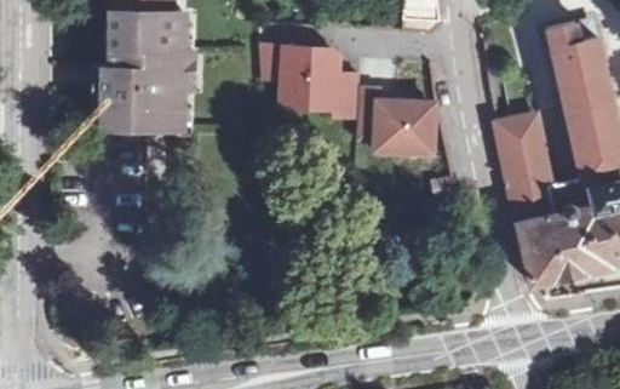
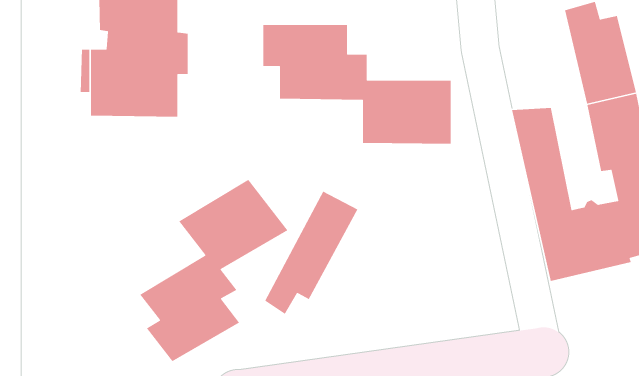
building: none -> [139,179,289,362]
building: none -> [264,190,359,315]

